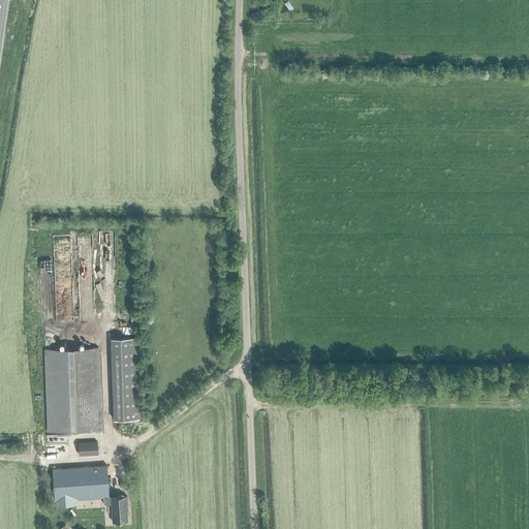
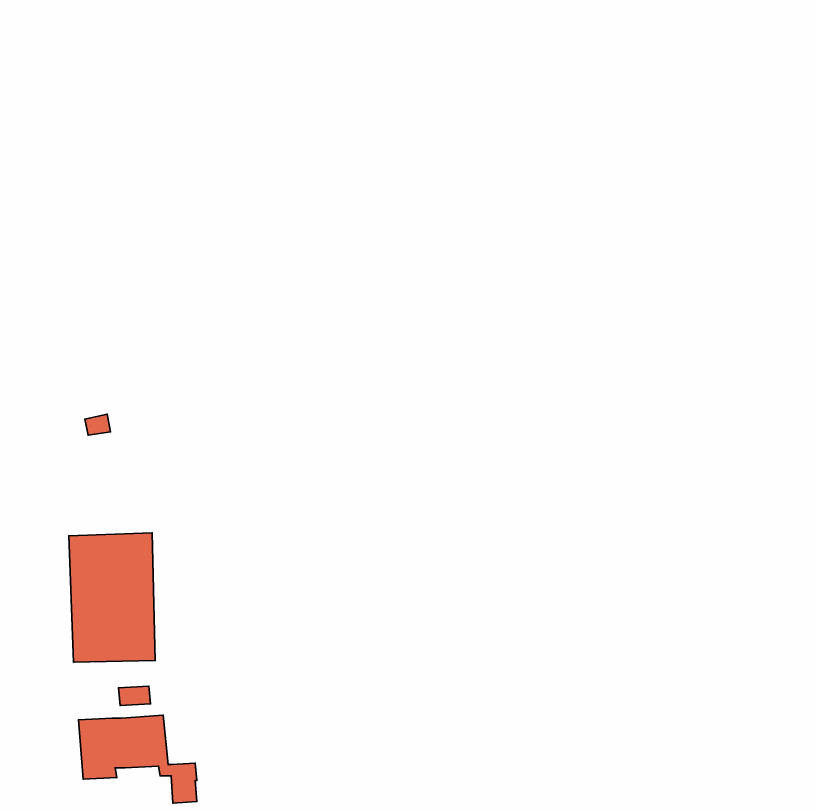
building: [110,342,138,425] -> none

